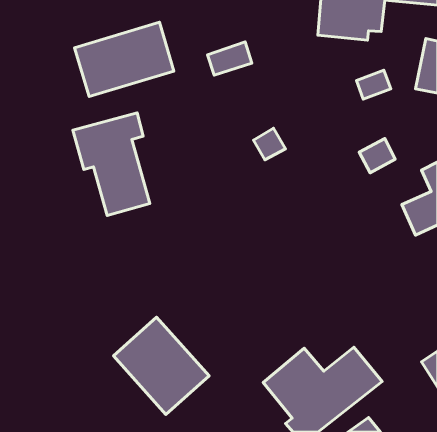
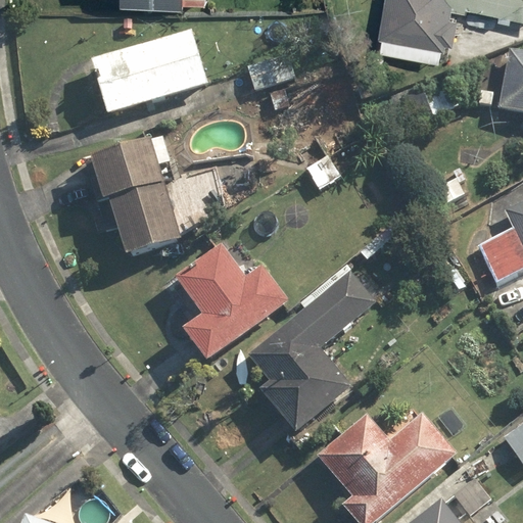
building: none -> [171,242,290,363]
building: none -> [236,257,396,435]
building: [114,317,209,414] -> none

